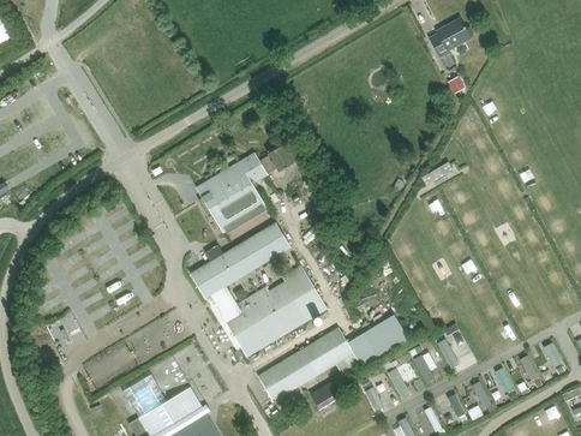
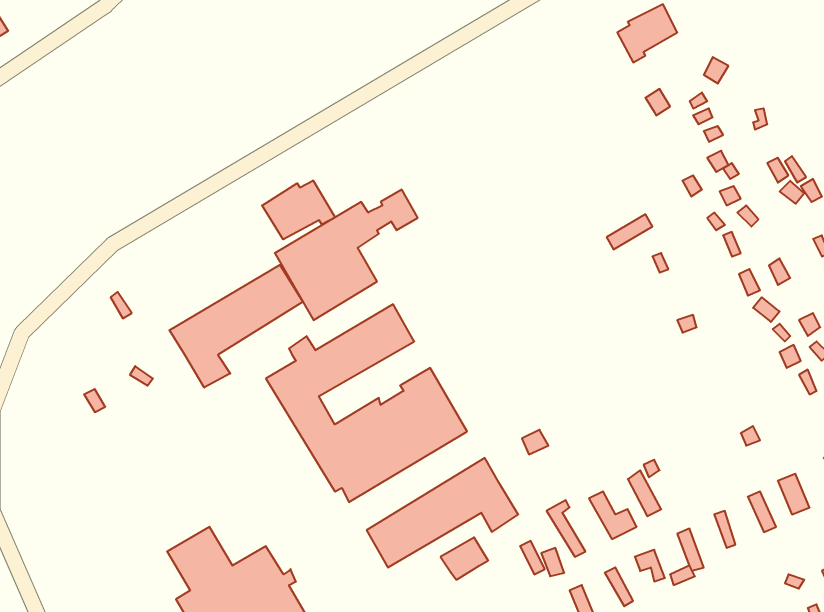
building: none -> [262,180,335,239]
building: none -> [169,265,303,388]
building: [348,315,407,365] -> none

